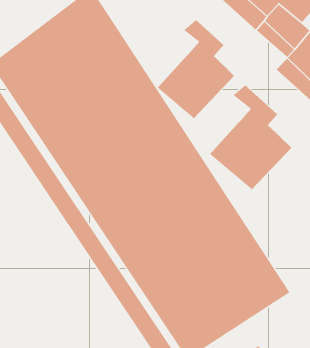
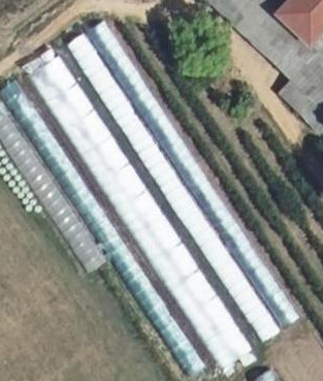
building: [157,19,235,119] -> none
building: [209,85,292,190] -> none

